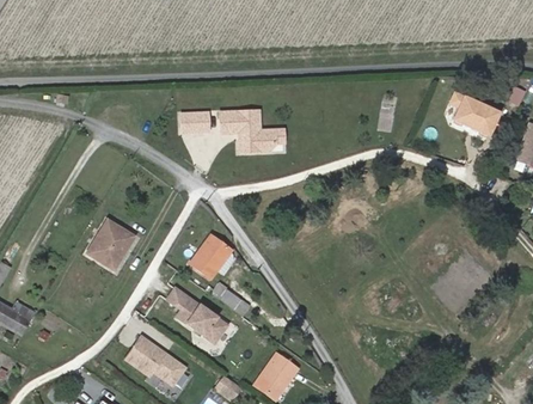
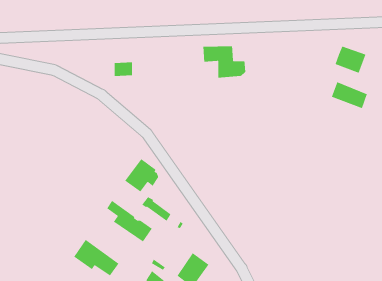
building: [213,112,268,154] -> [203,45,246,79]
building: none -> [331,81,368,109]
building: [88,220,135,269] -> none

